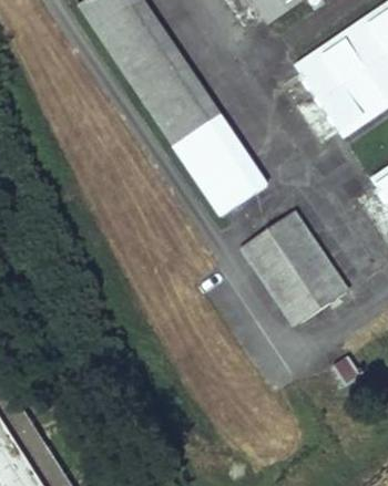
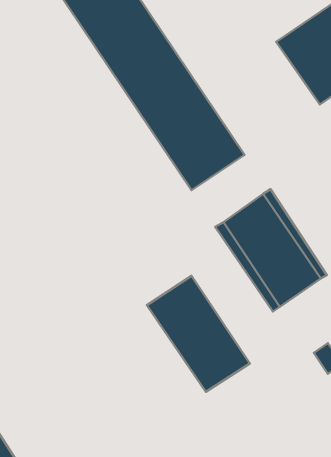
building: none -> [147,276,250,392]

